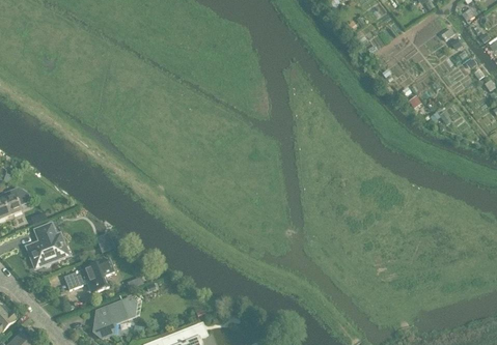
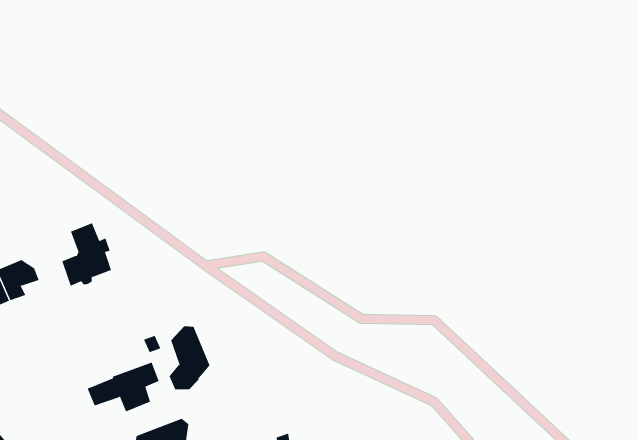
building: [28,222,63,266] -> [61,223,112,286]
building: none -> [169,326,210,390]

